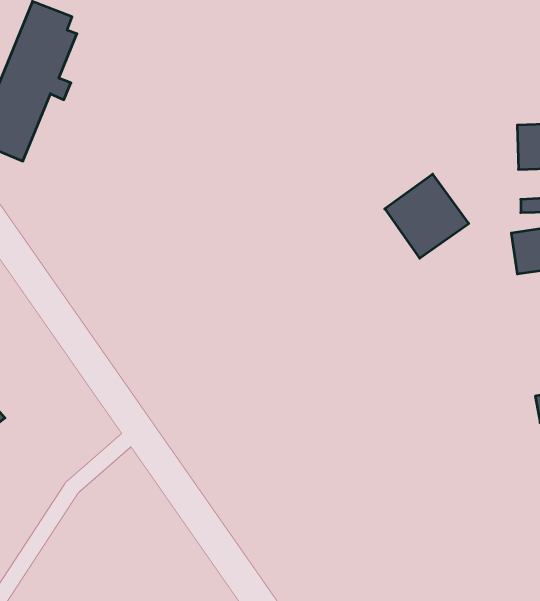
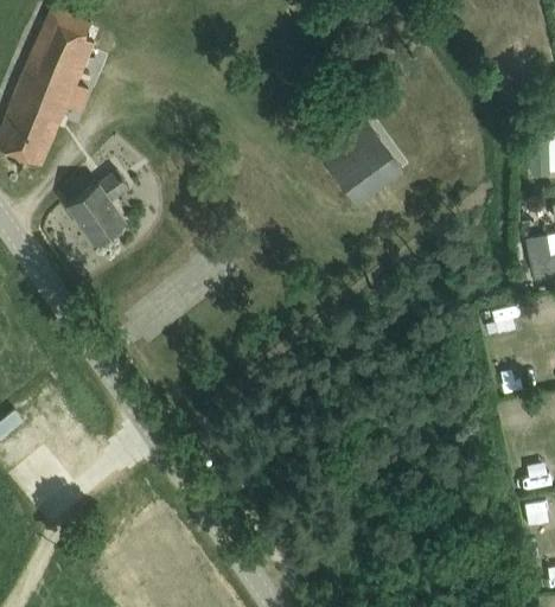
building: none -> [69,174,130,245]
building: [385,174,469,258] -> [318,120,401,203]

